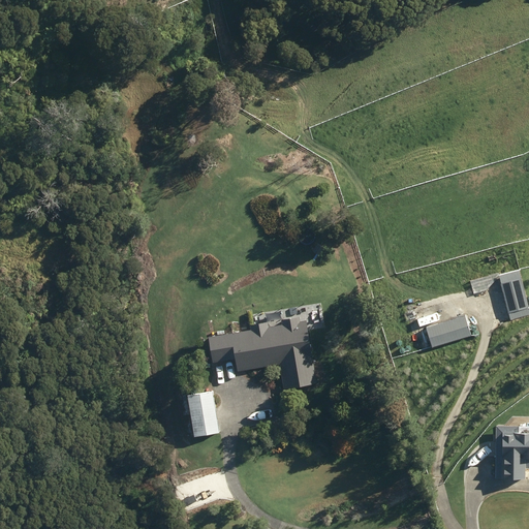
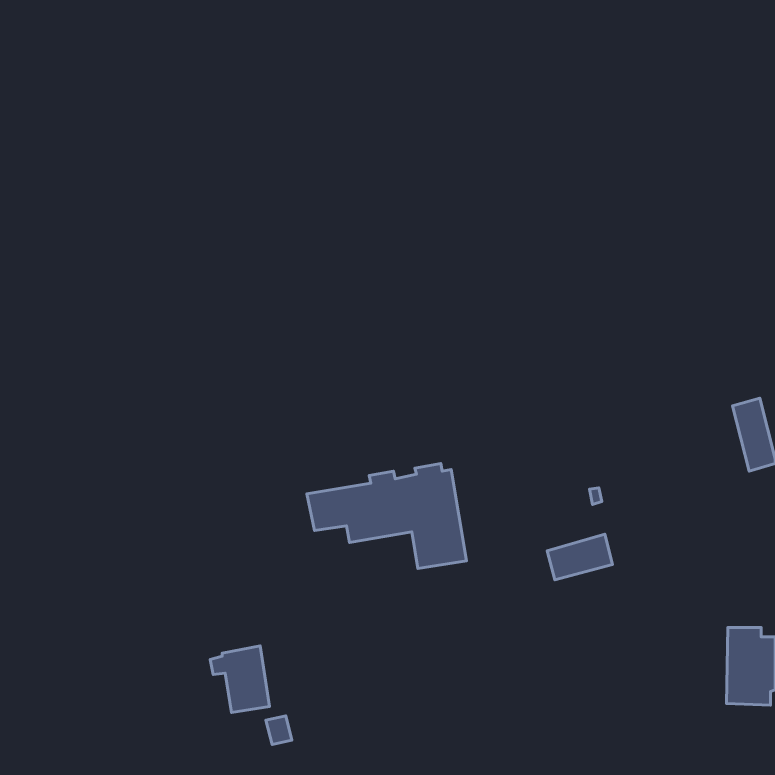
building: [425,316,469,347] -> [547,534,613,580]
building: [181,391,221,436] -> [210,646,269,713]

